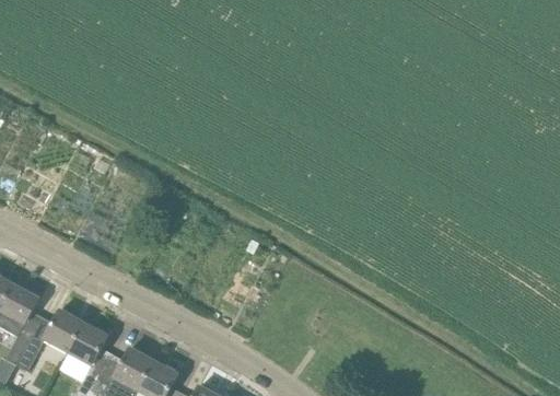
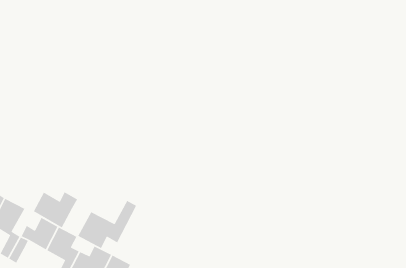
building: none -> [33,191,78,229]
building: none -> [77,200,137,249]

